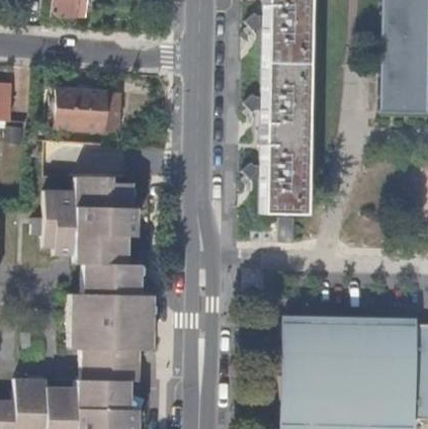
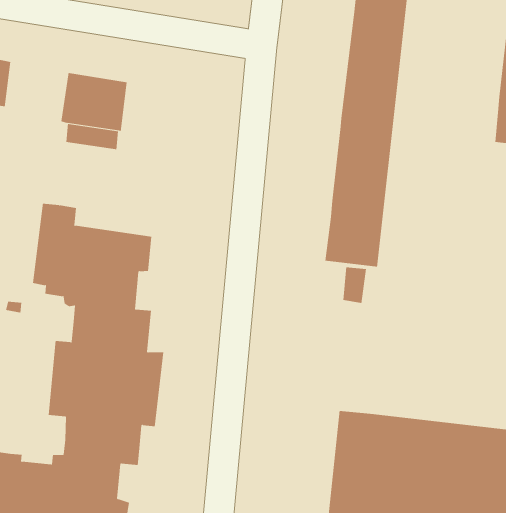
building: [74,174,135,206] -> none

